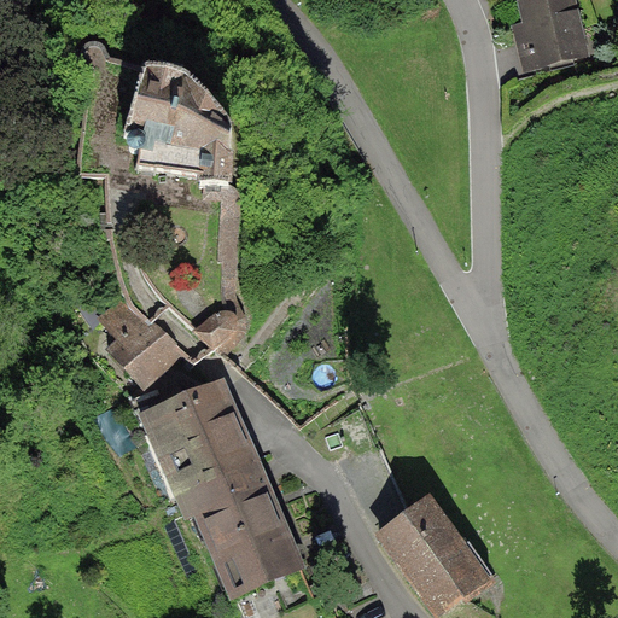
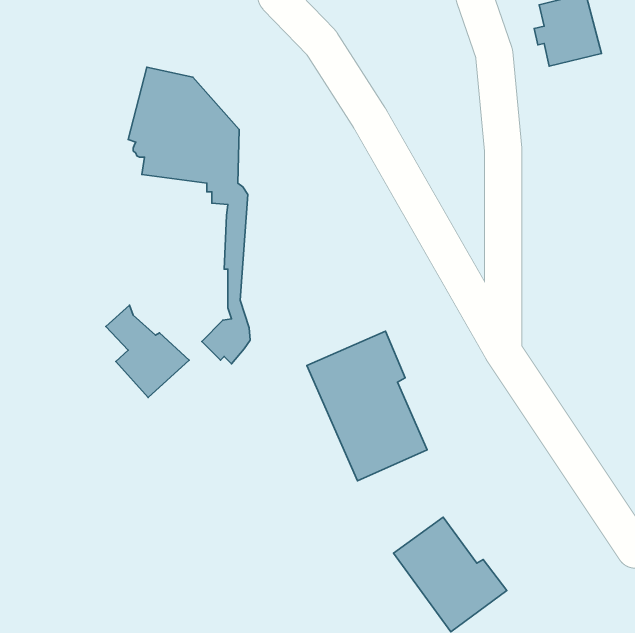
building: none -> [307,331,427,481]
building: [139,384,301,591] -> none

